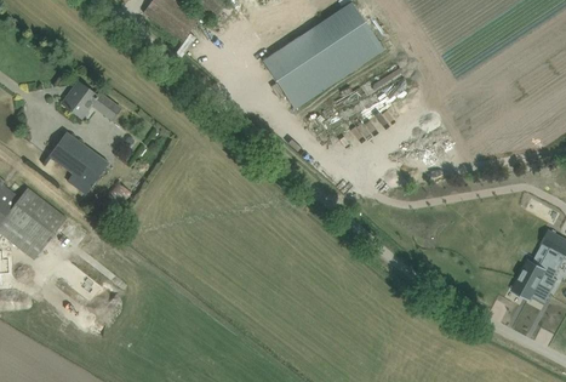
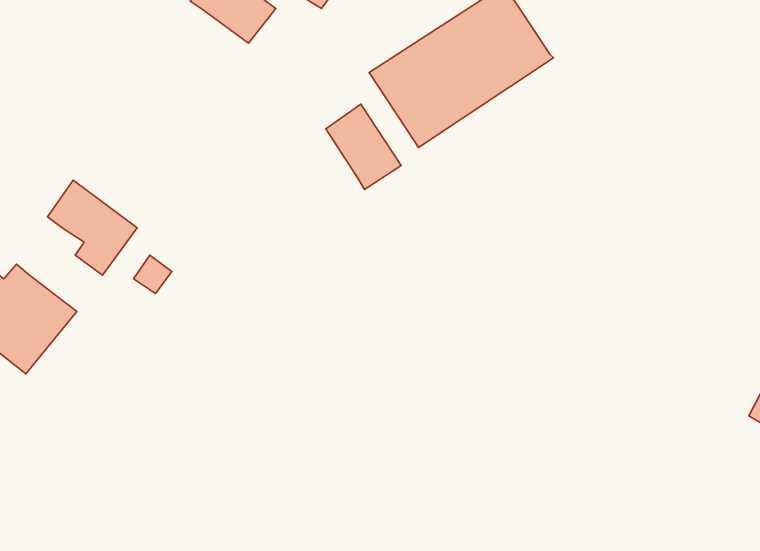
building: none -> [326,104,401,190]
building: [63,82,121,120] -> none

